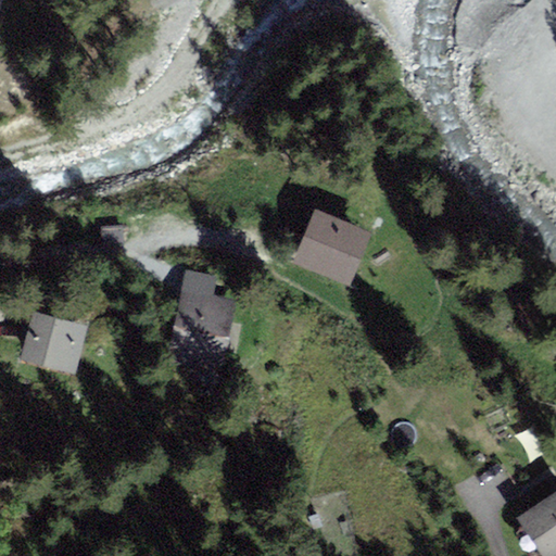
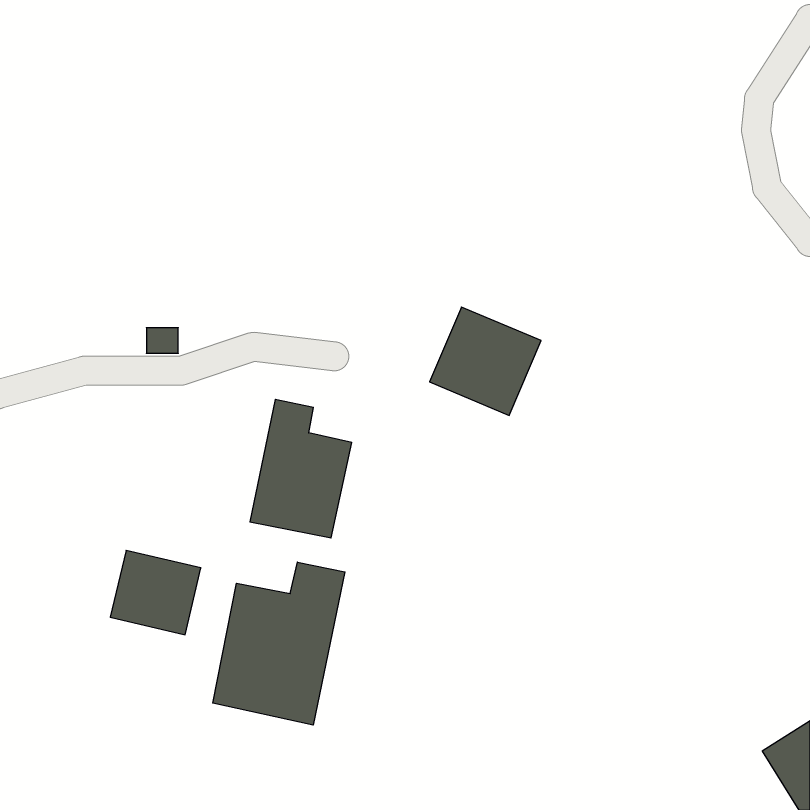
building: [23,313,85,370] -> [110,550,201,635]
building: none -> [213,562,345,725]

